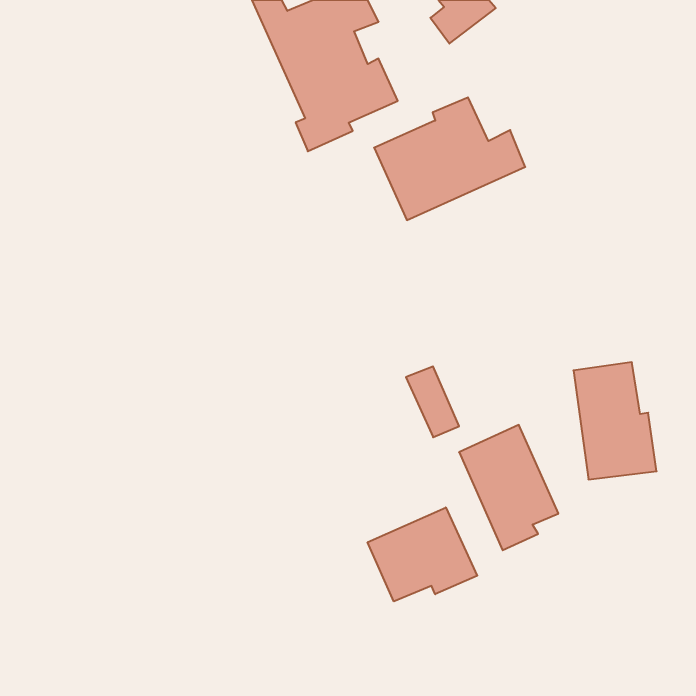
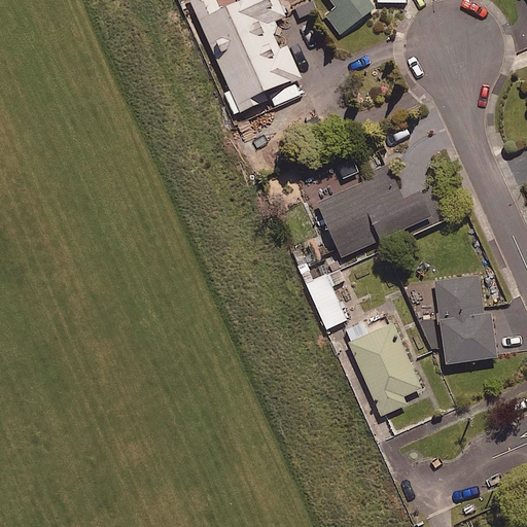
building: [374,97,525,220] -> [316,164,430,256]
building: [368,507,477,601] -> none

